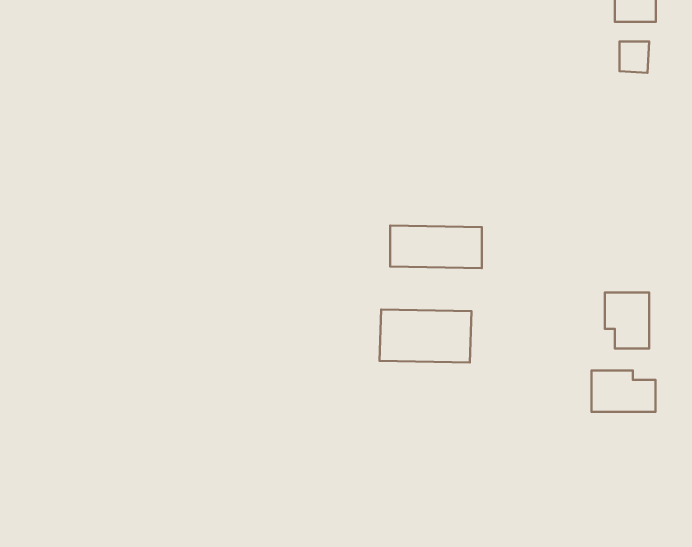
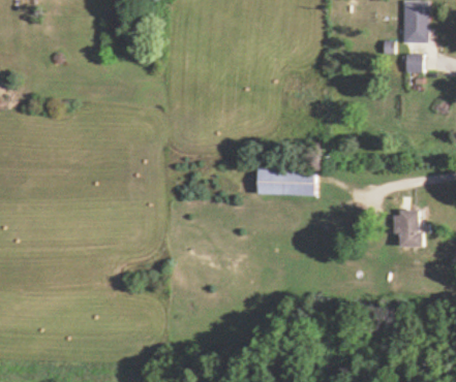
building: [380,309,472,362] -> none
building: [592,370,656,412] -> none

